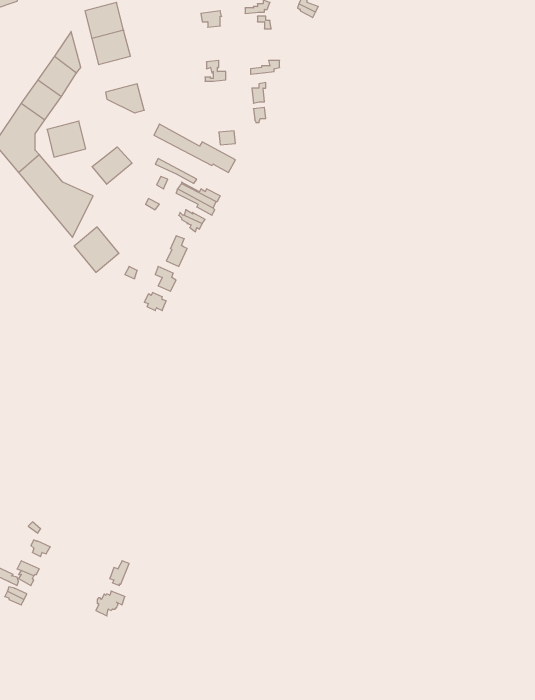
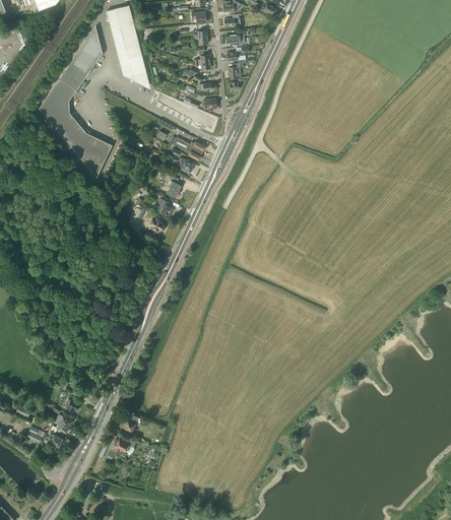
building: [47,121,86,157] -> [116,44,144,70]
building: [92,147,132,184] -> none
building: [74,227,119,272] -> none

